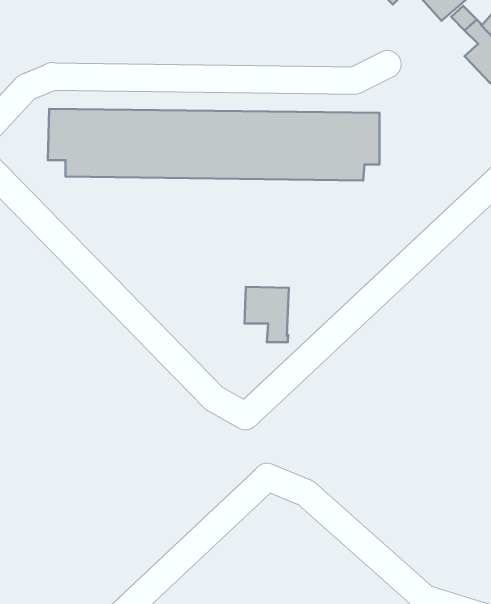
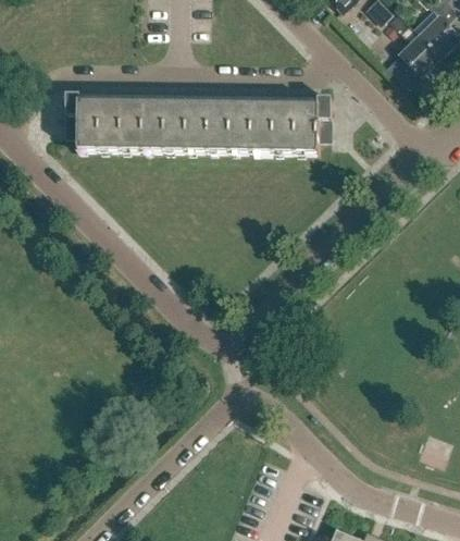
building: [245,287,289,342] -> none

